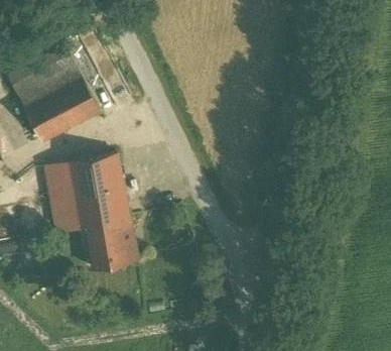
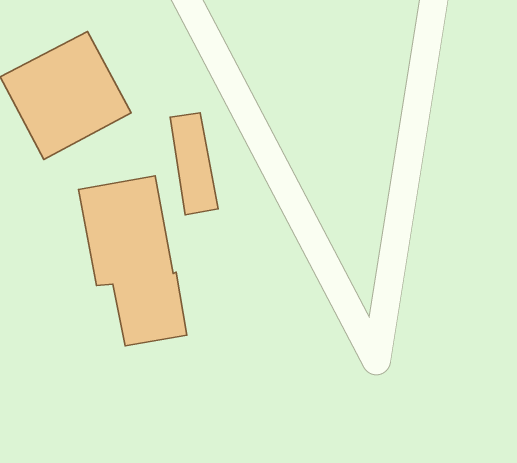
building: [45,162,78,231] -> [170,113,218,215]

